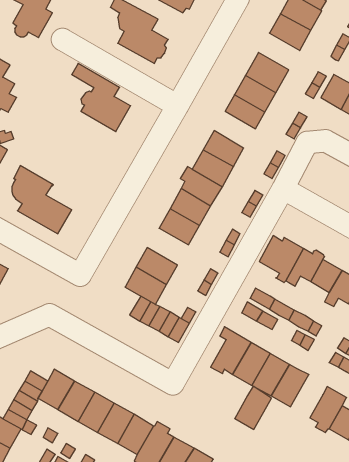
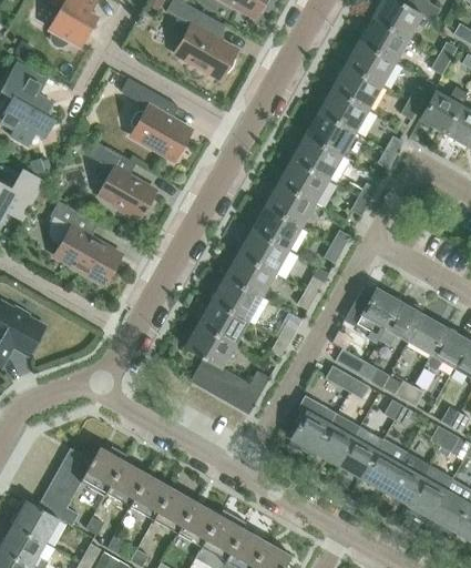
building: none -> [346,41,396,85]
building: none -> [293,135,342,180]
building: none -> [89,141,156,217]
building: none -> [212,276,262,321]
building: [235,386,271,429] -> [385,453,429,505]

